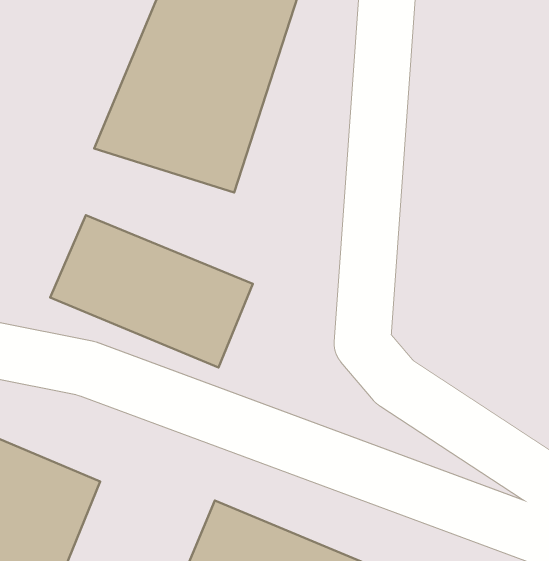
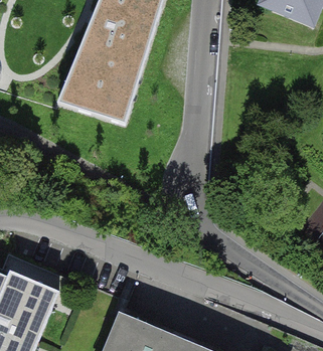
building: [50,215,253,368] -> none

